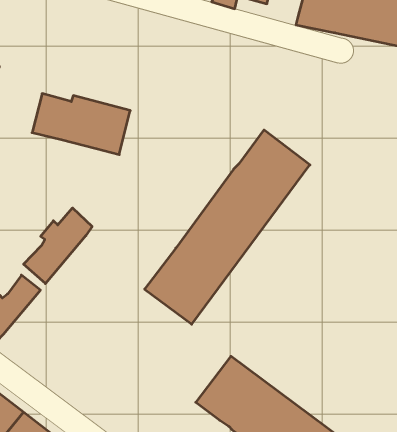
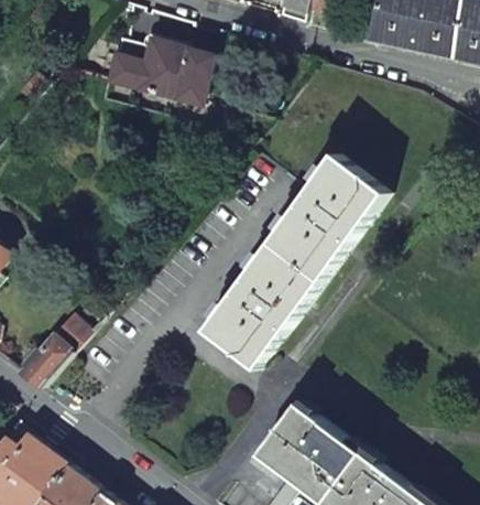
building: [32,94,130,155] -> [101,37,209,105]
building: [24,208,92,284] -> none

